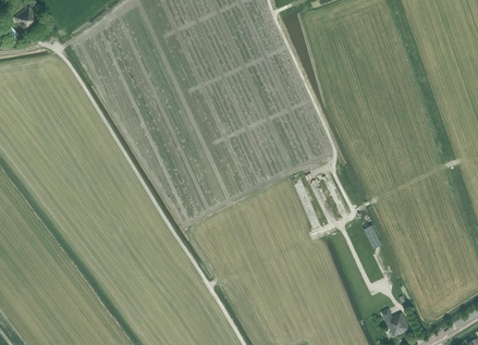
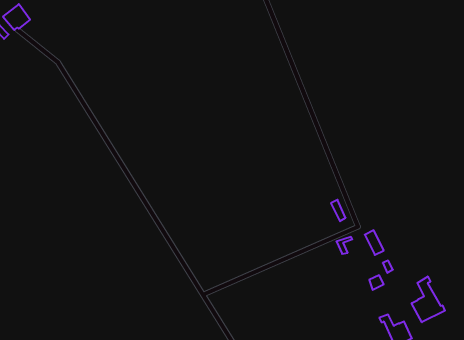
building: none -> [412,276,445,322]

